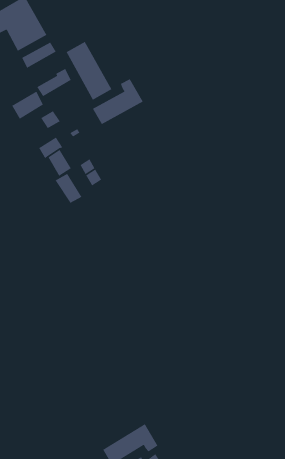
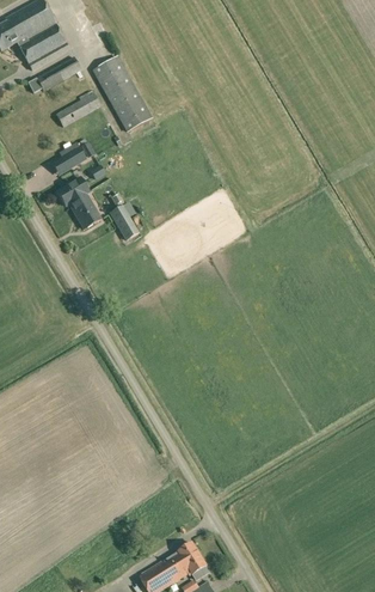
building: [92,78,144,125] -> none
building: [11,91,44,120] -> none
building: [55,173,82,204] -> none

